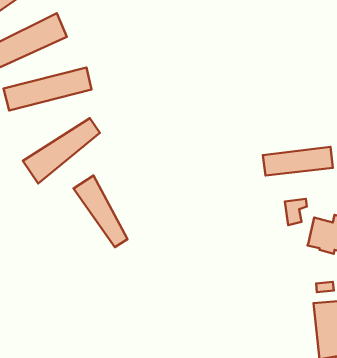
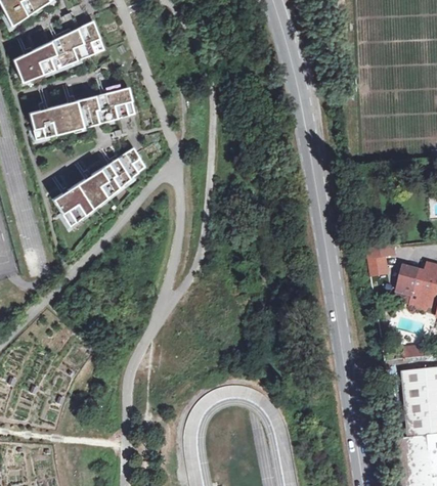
building: [263,147,333,176] -> none
building: [74,175,128,247] -> none

